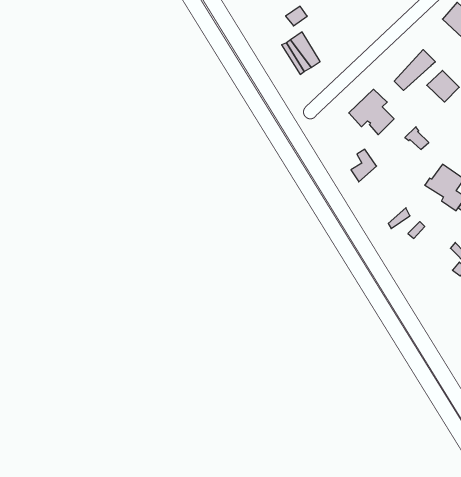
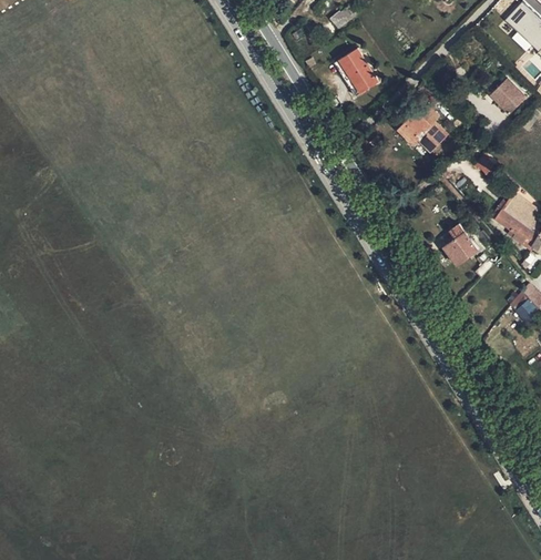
building: [394,50,435,90] -> none
building: [351,149,377,182] -> [441,221,470,257]

